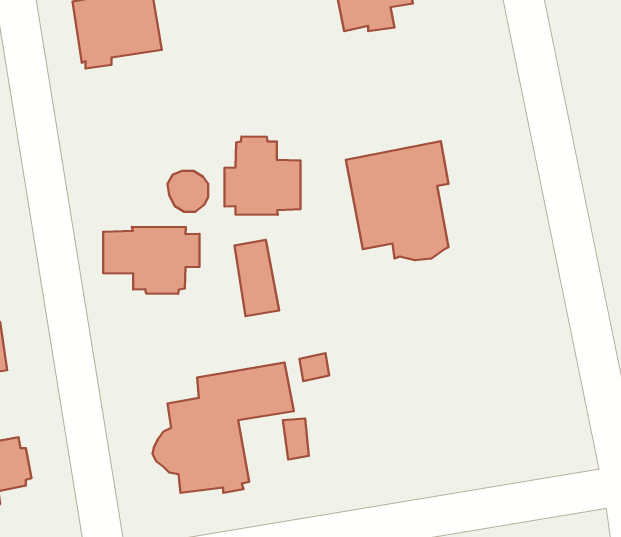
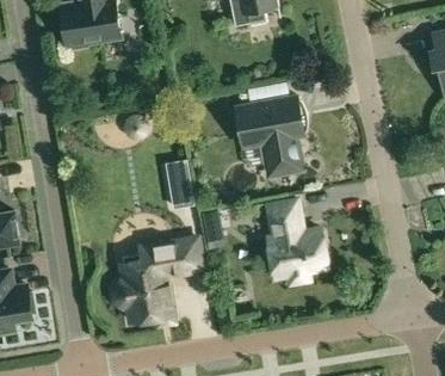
building: [225,136,301,215] -> none
building: [103,227,199,294] -> none
building: none -> [267,199,328,283]

